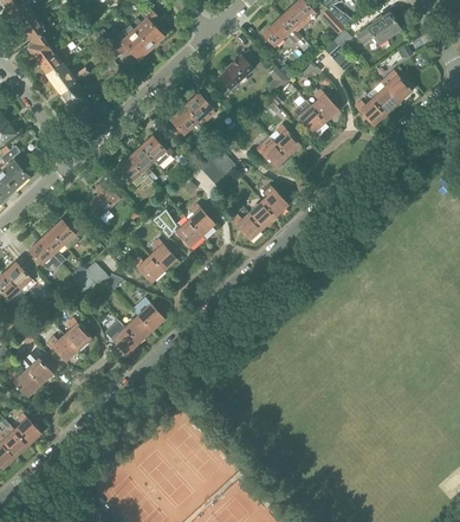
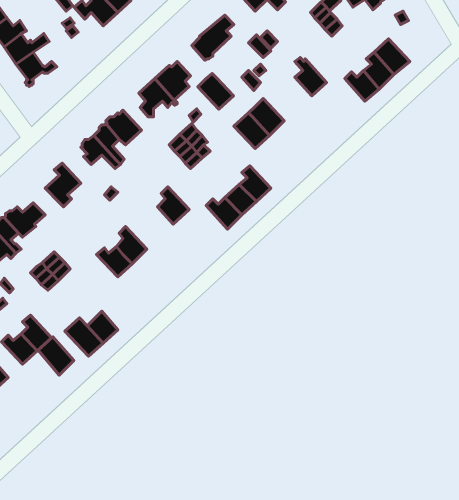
building: [293,101,325,133] -> [198,73,233,109]
building: [153,211,201,246] -> none
building: [132,296,164,330] -> [38,337,74,375]

